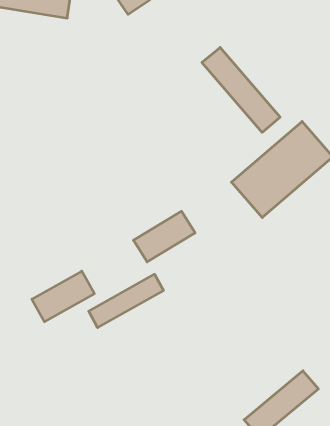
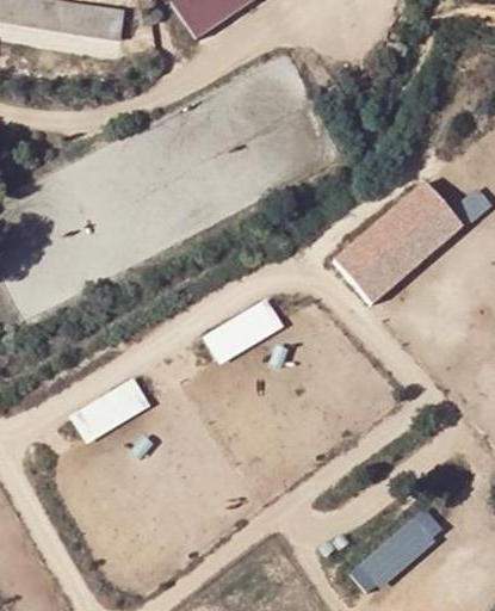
building: [202,47,280,132] -> none
building: [89,274,163,328] -> none

